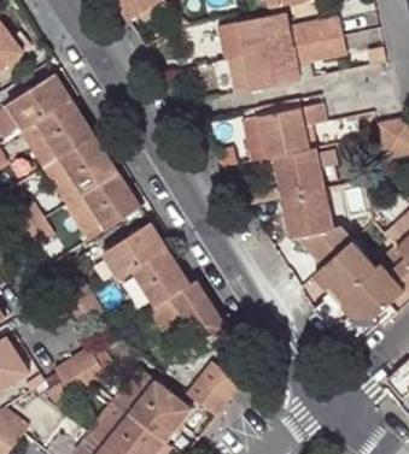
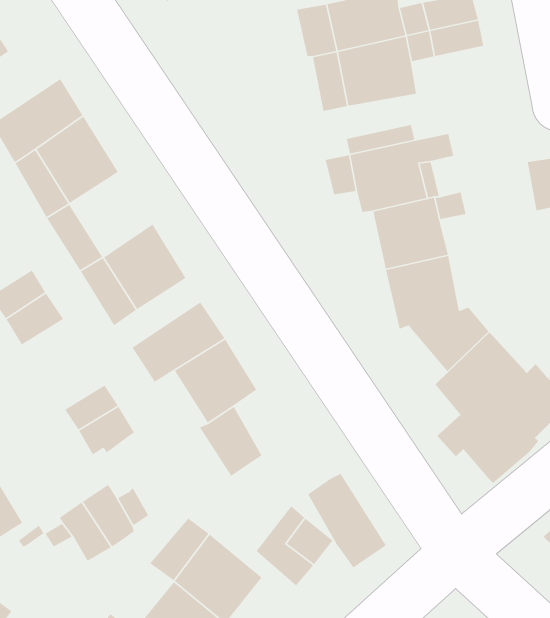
building: [63,134,119,191] -> none
building: [175,278,229,343] -> [307,473,387,569]

